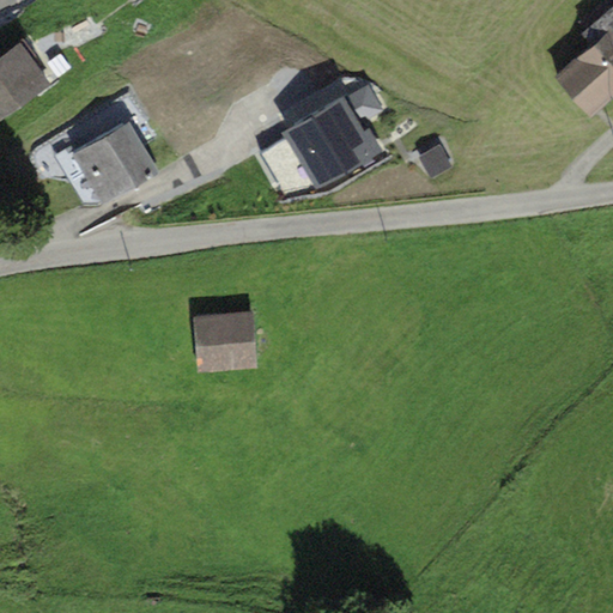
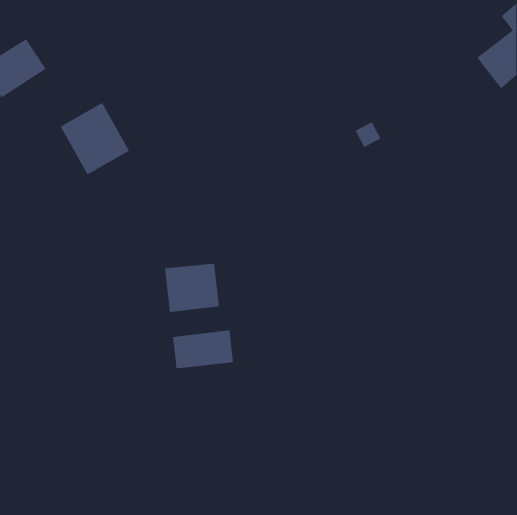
building: [260,83,384,193] -> none
building: none -> [173,329,234,369]

